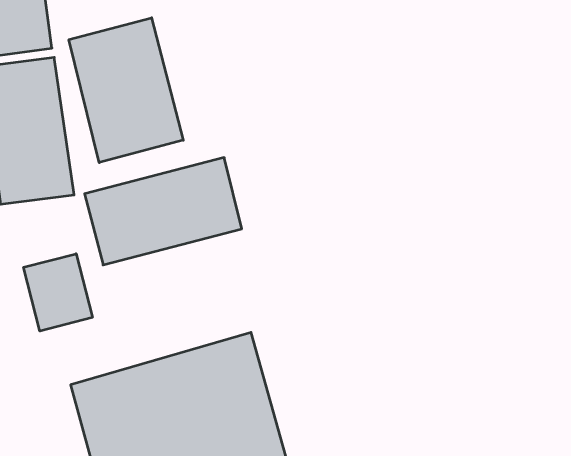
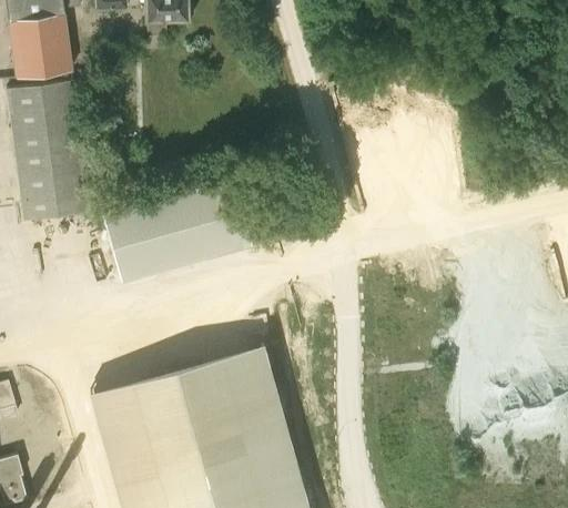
building: [69,18,183,163] -> none
building: [24,254,92,331] -> none

